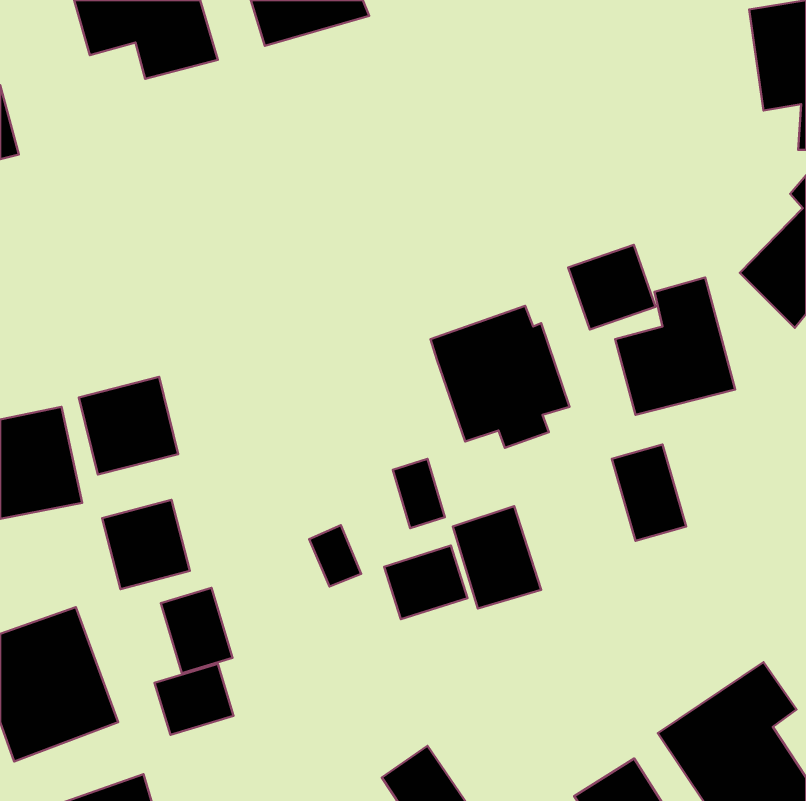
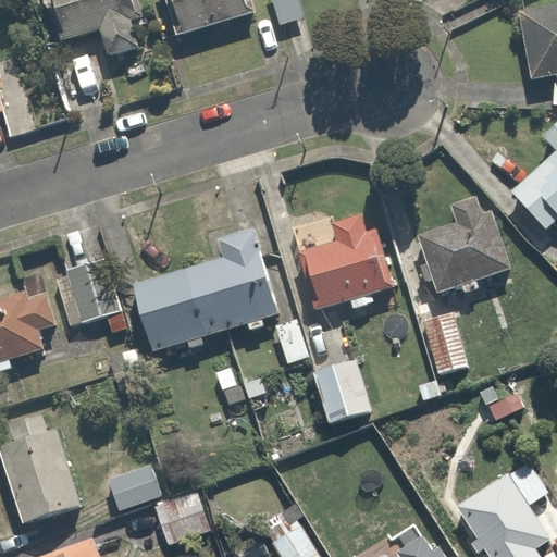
building: [568,245,655,330] -> none
building: none -> [132,225,282,350]
building: [102,500,190,589] -> none
building: [384,546,468,619] -> none
building: [161,588,233,673] -> none
building: none -> [154,492,210,546]

